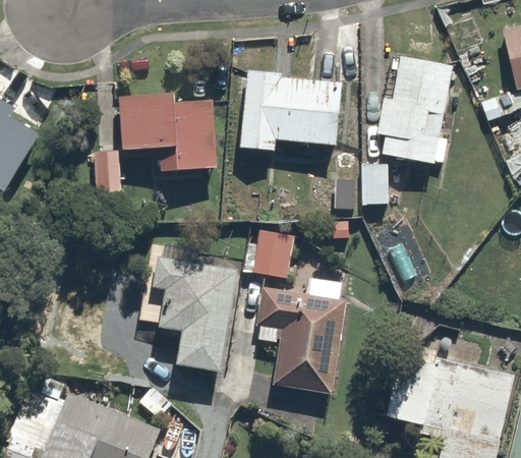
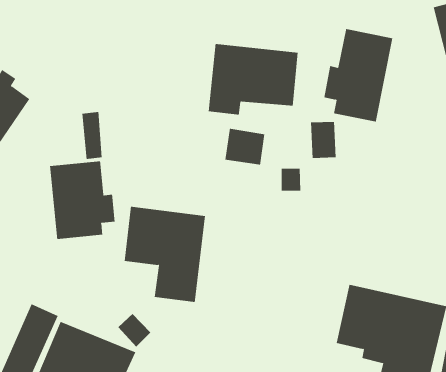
building: [117,93,221,172] -> none
building: none -> [50,160,115,240]
building: [248,234,295,277] -> [225,128,265,165]
building: [254,282,345,394] -> none

